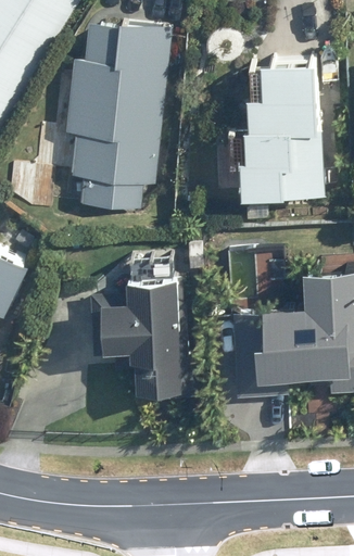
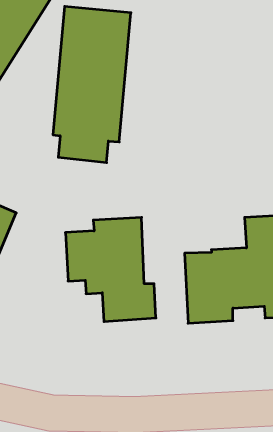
building: [238,54,316,191] -> none

